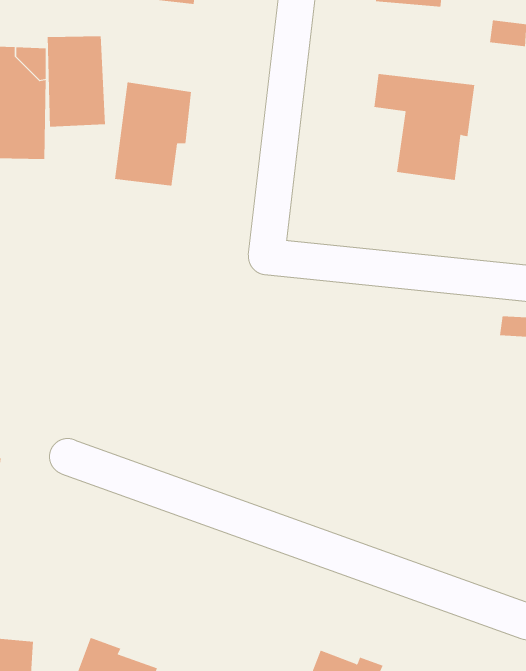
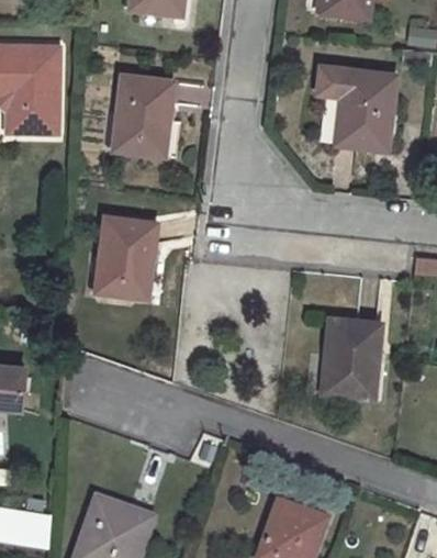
building: [47,35,105,128] -> none
building: none -> [98,217,157,298]
building: none -> [322,320,380,400]

